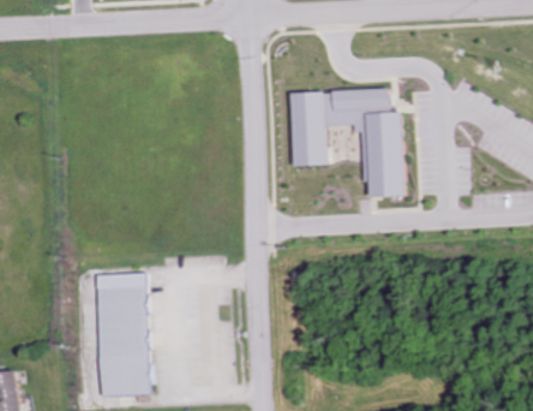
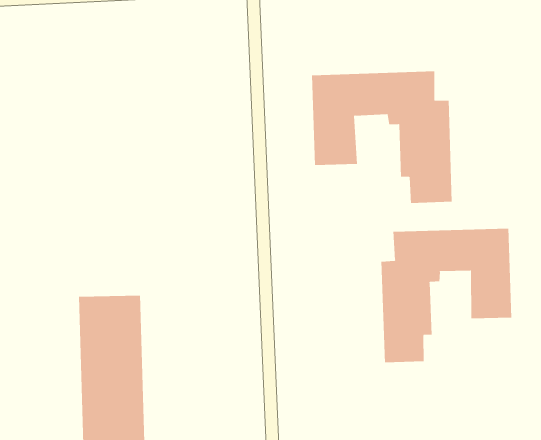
building: none -> [381,228,512,363]

